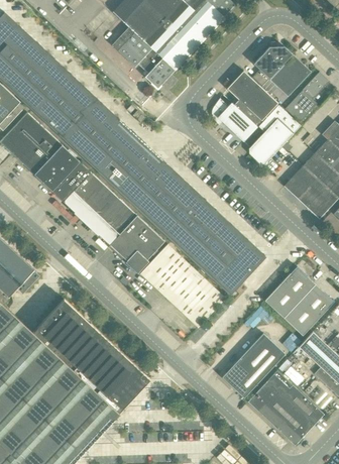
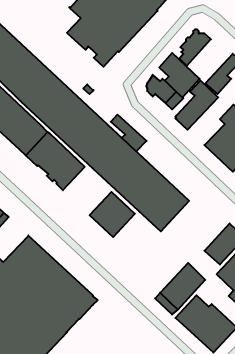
building: [261,54,311,97] -> none
building: none -> [111,115,147,151]
building: [109,215,164,273] -> none
building: [264,266,315,318] -> none
building: [170,271,225,327] -> none

